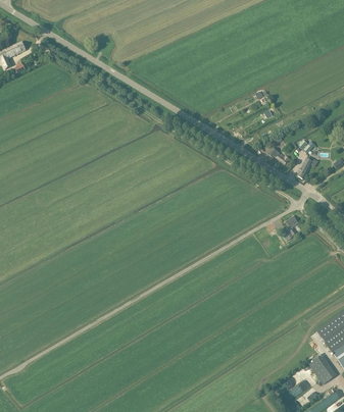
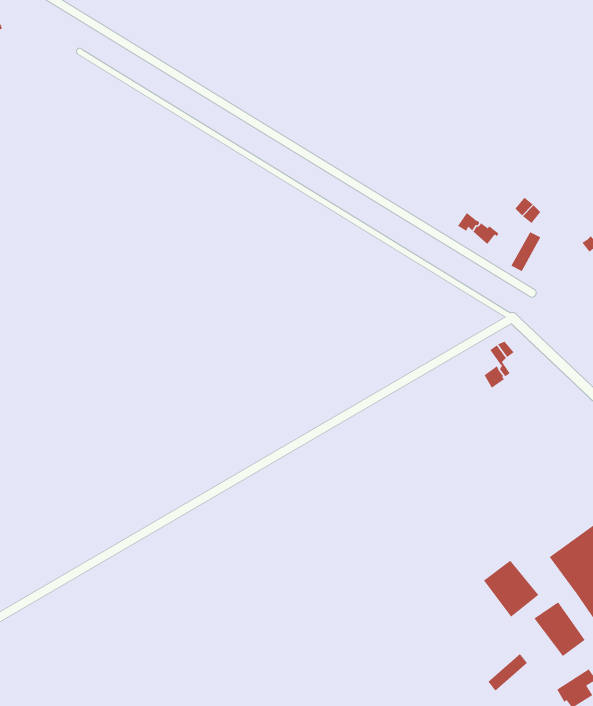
building: none -> [483,560,539,618]

